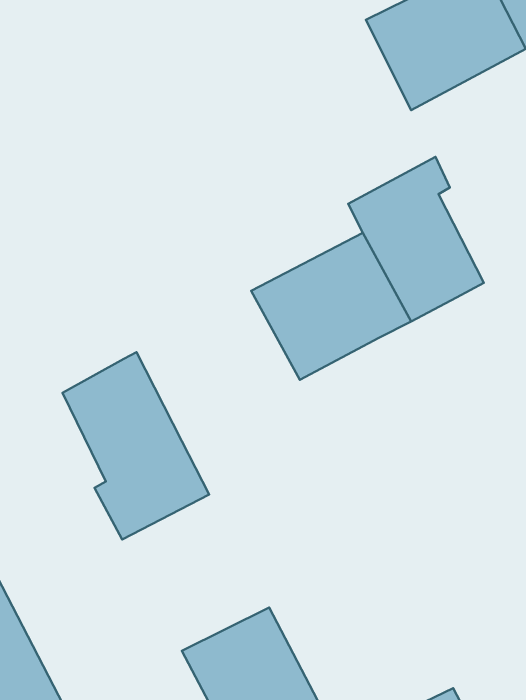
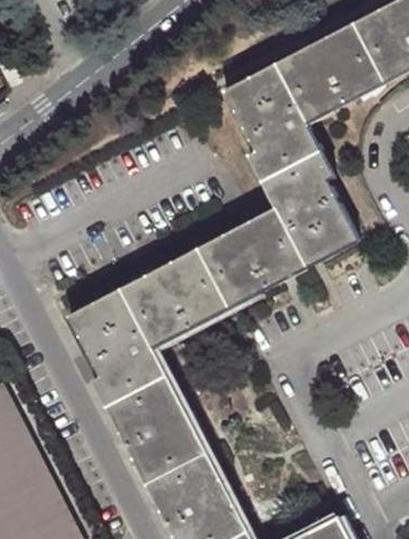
building: none -> [225,63,325,188]
building: none -> [122,248,233,350]
building: none -> [112,386,212,493]

